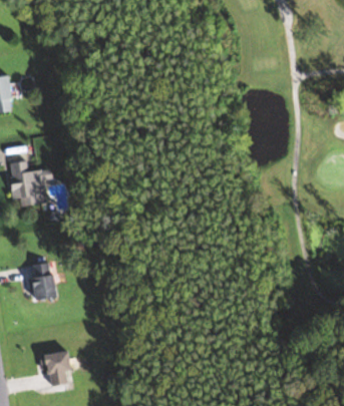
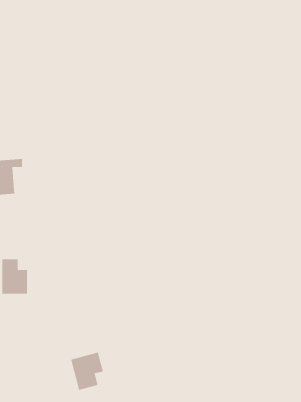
building: [40,349,72,386] -> [70,352,104,391]

